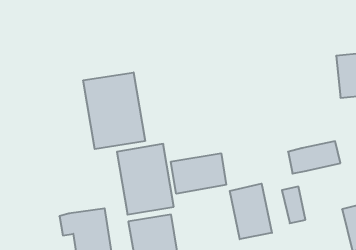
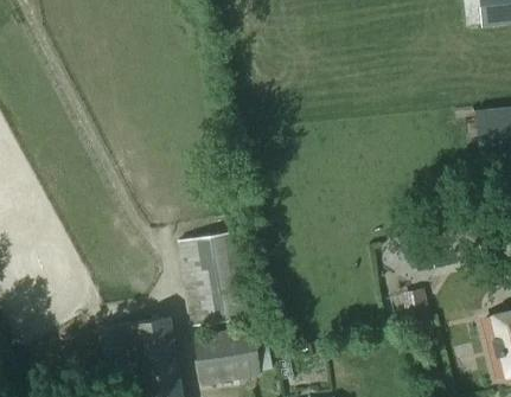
building: [83,72,145,149] -> none
building: [171,153,226,194] -> none
building: [230,184,272,239] -> none

